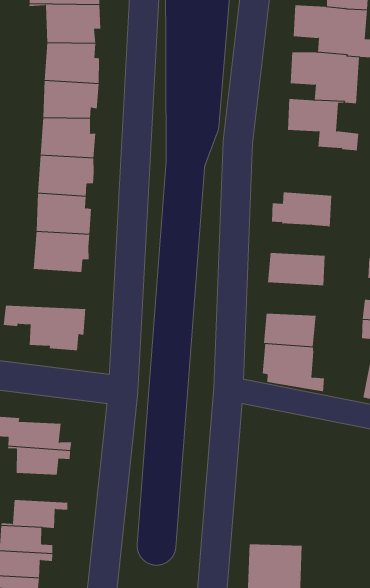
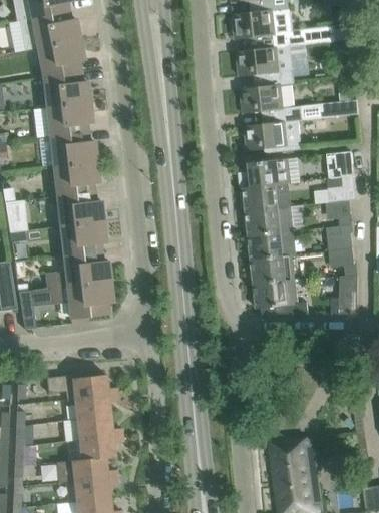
building: none -> [245,120,302,152]
building: none -> [244,183,291,211]
building: none -> [44,252,110,289]
building: none -> [249,230,296,260]
building: none -> [77,415,122,440]

